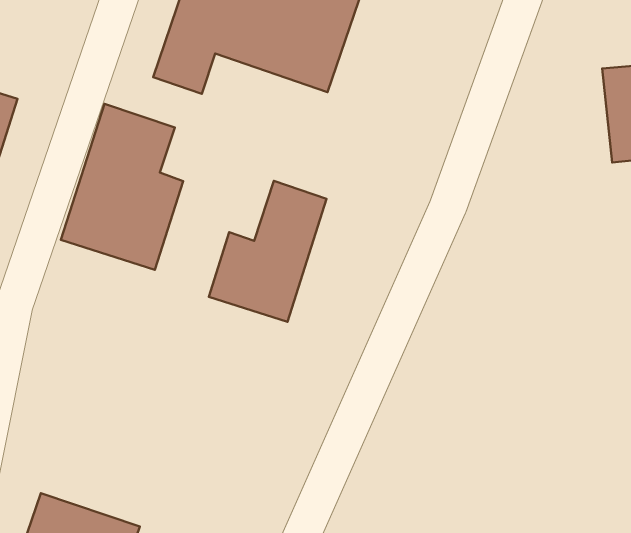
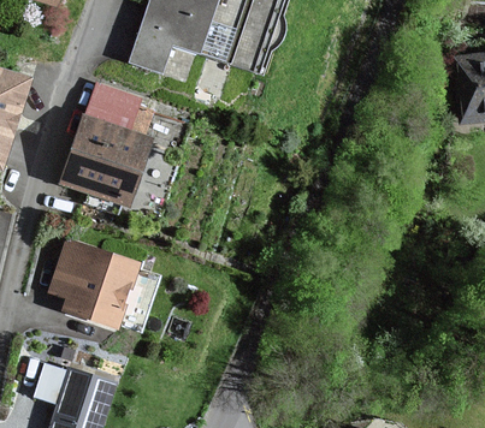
building: [209,181,326,322] -> none
building: none -> [48,239,137,327]

